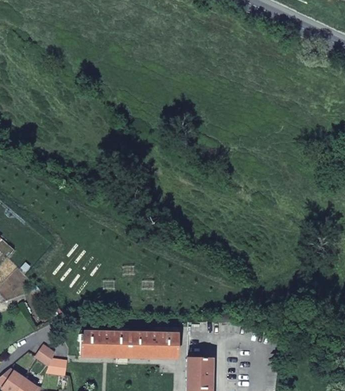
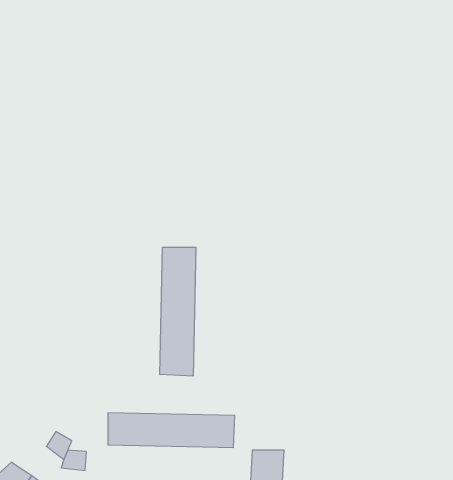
building: none -> [160,247,196,376]

